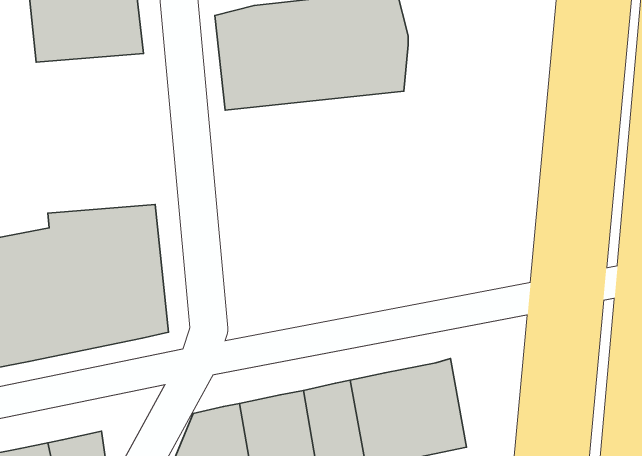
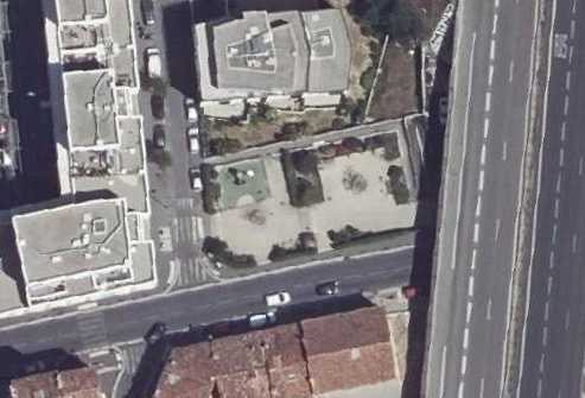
building: none -> [45,57,142,188]

